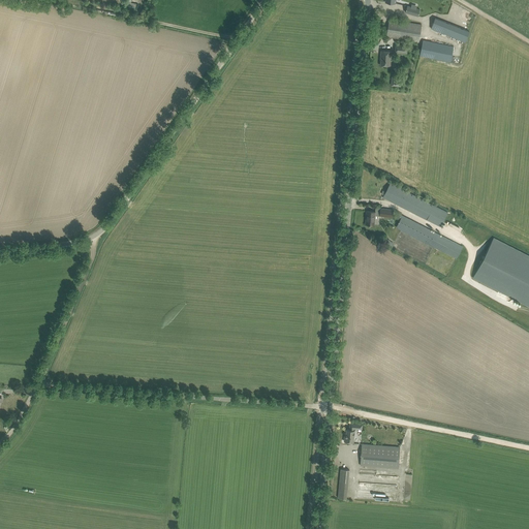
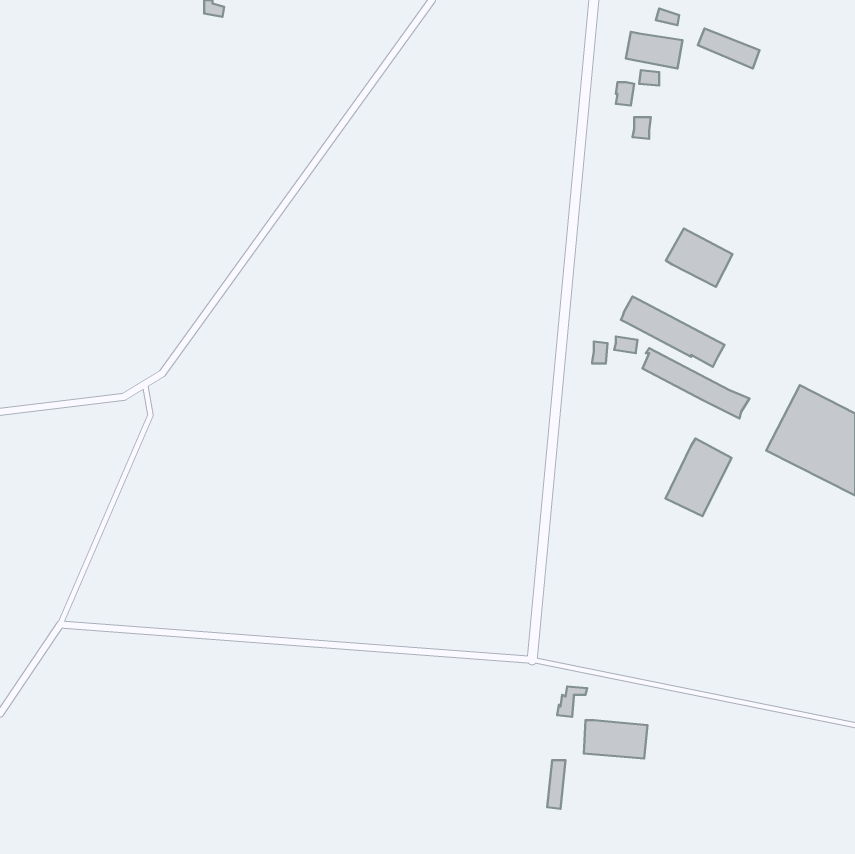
building: [419,40,454,63] -> none
building: none -> [666,229,732,287]
building: none -> [665,439,732,516]

